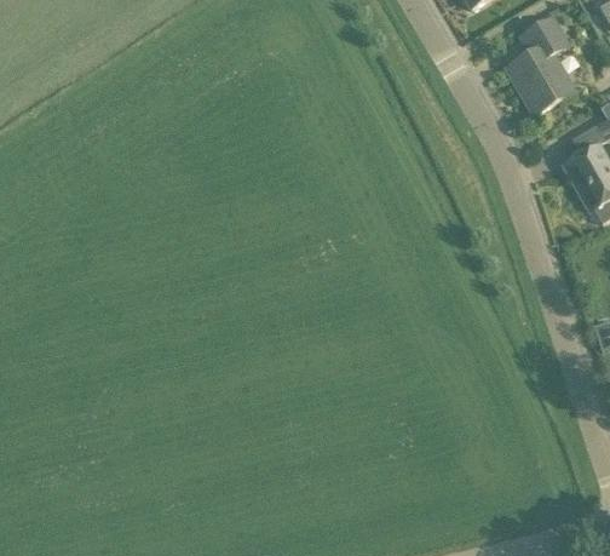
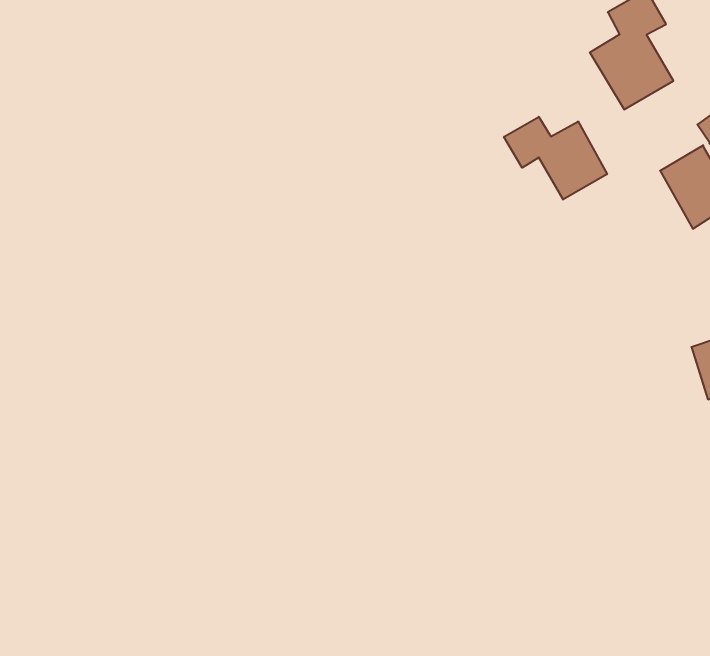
building: none -> [504,117,607,200]

